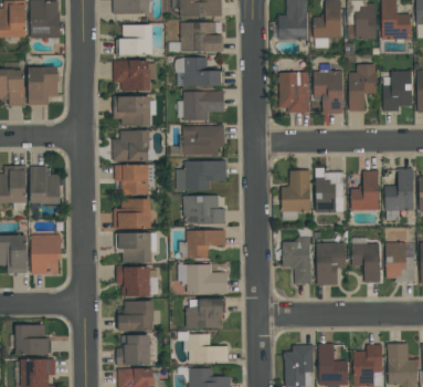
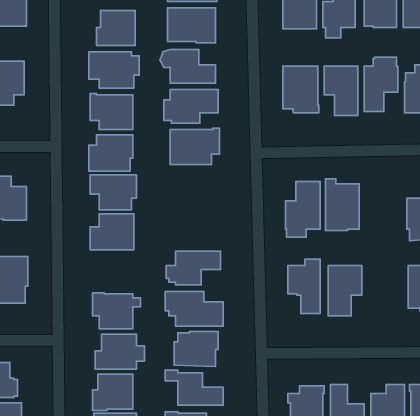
building: [176,160,226,190] -> none
building: [350,170,378,210] -> none
building: [183,196,224,224] -> none
building: [116,233,157,262] -> none
building: [351,243,380,282] -> none

